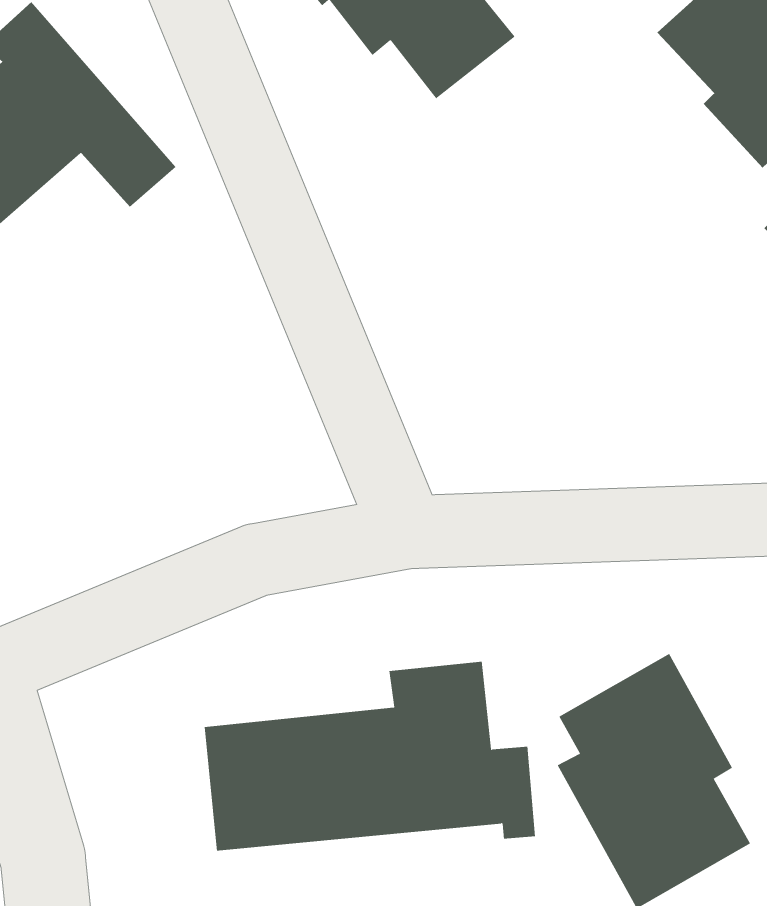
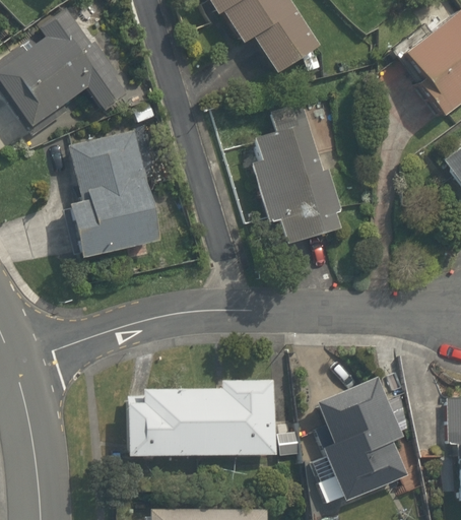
building: none -> [251,118,338,254]
building: none -> [67,124,164,261]

